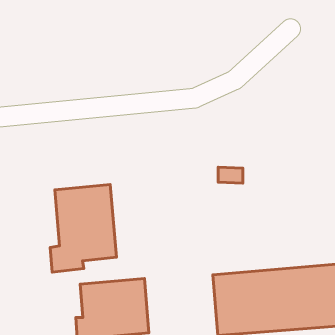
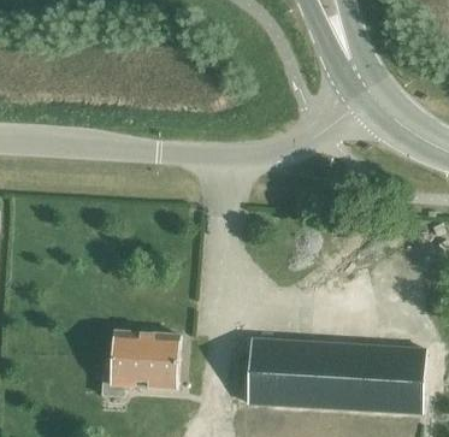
building: [50,184,116,272] -> none

